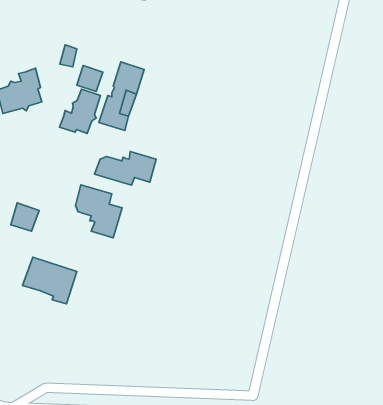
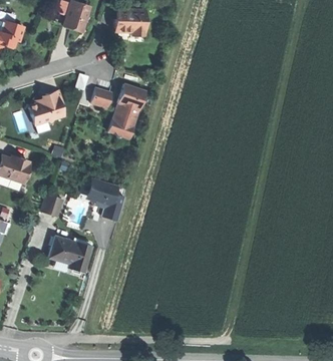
building: [59,89,101,133] -> none
building: [95,152,156,185] -> none

